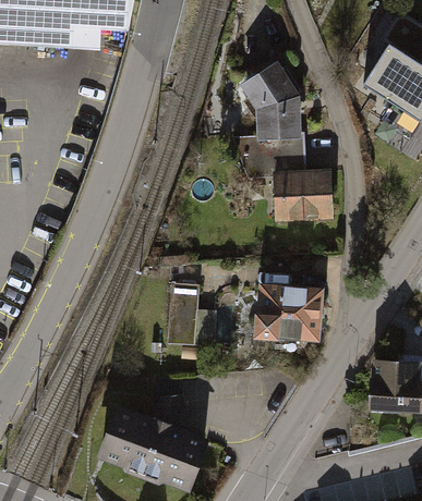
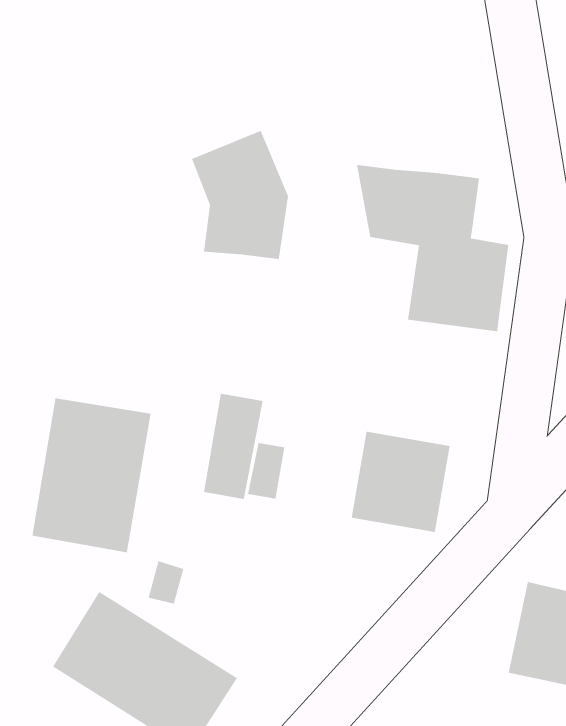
building: [237,54,299,132] -> [191,130,289,259]
building: none -> [32,397,151,553]

